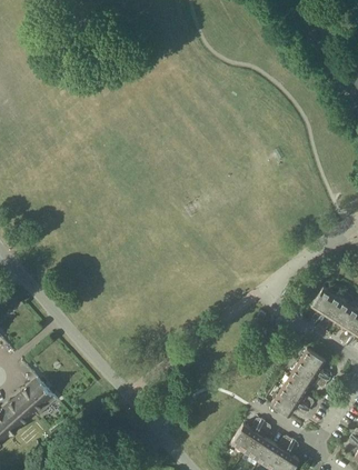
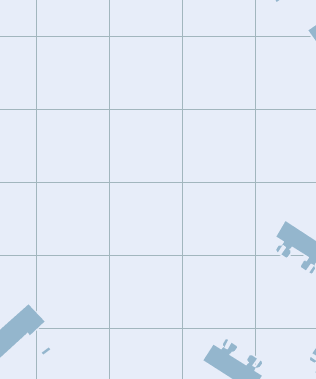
building: [271,347,331,414] -> none

